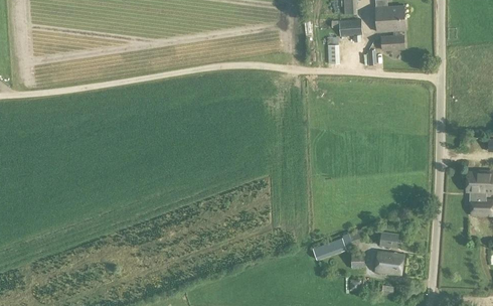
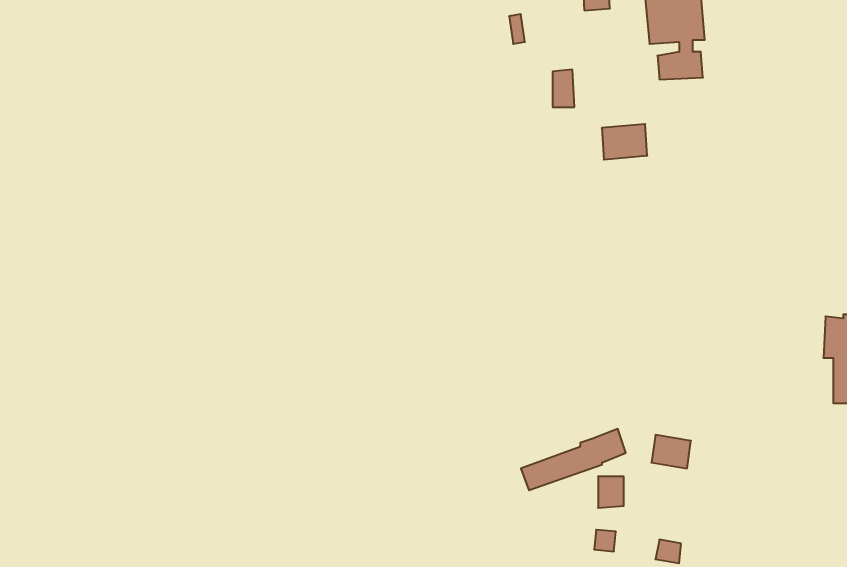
building: [339,18,362,36] -> [602,124,647,160]
building: [375,251,403,274] -> none

